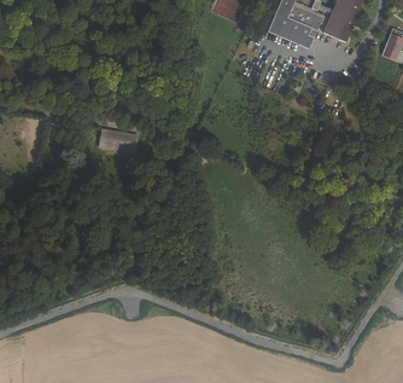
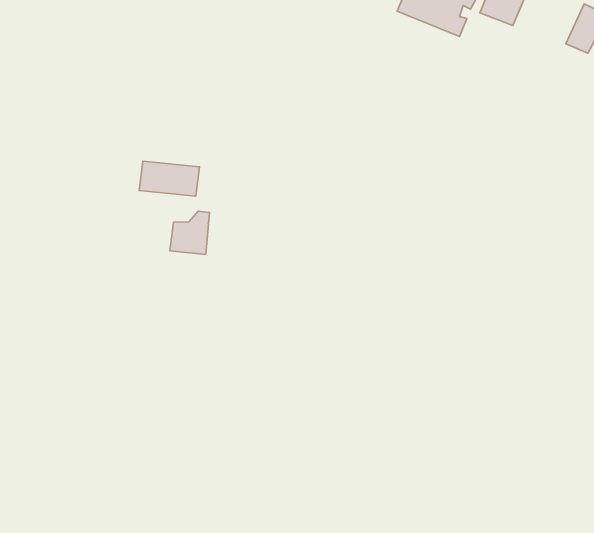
building: none -> [170,211,209,254]

